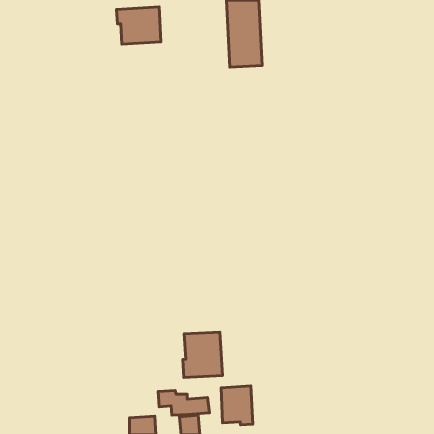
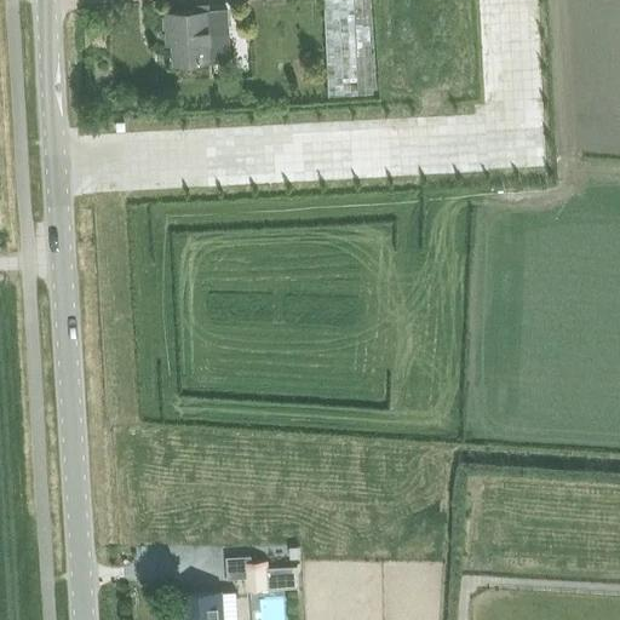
building: [183,332,223,377] -> none
building: [221,386,253,425] -> none

